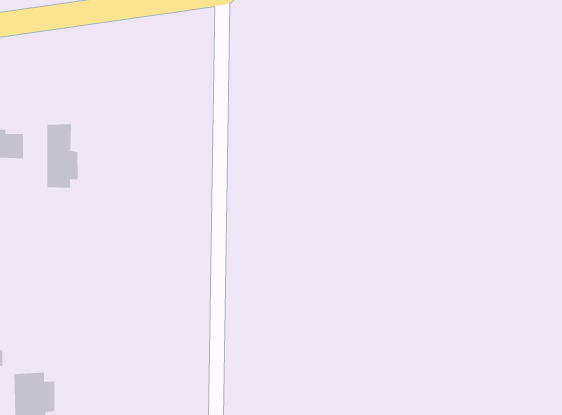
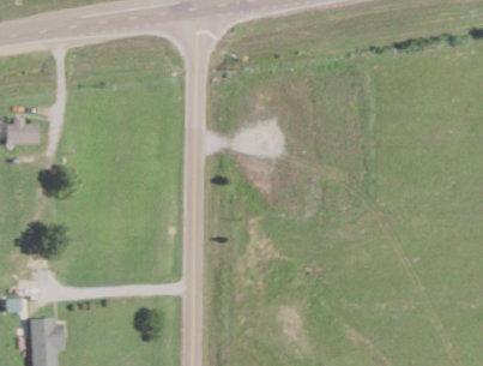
building: [47,123,78,188] -> none

